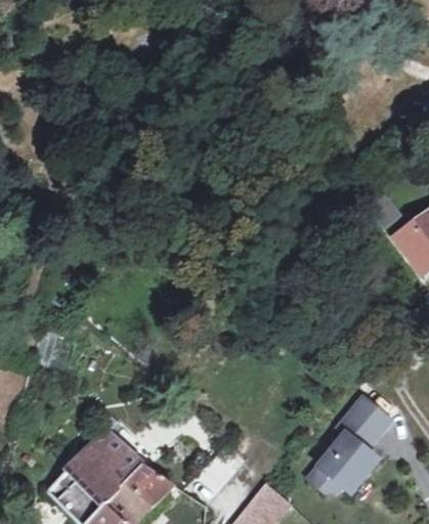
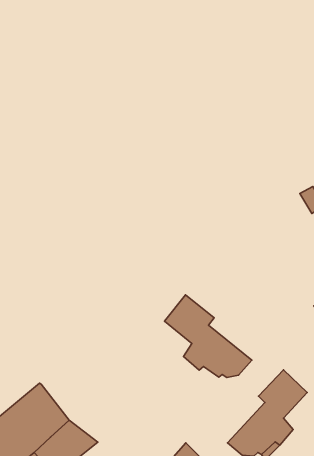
building: none -> [164,295,252,378]

